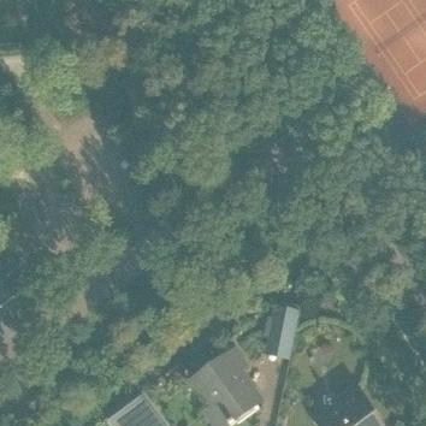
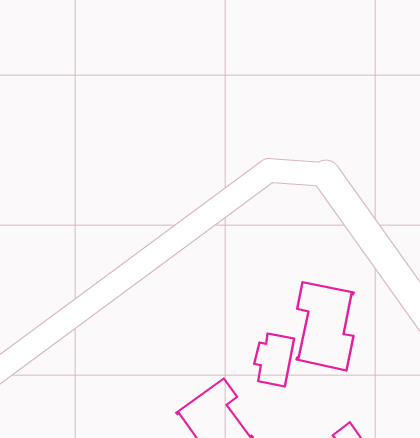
building: none -> [296,282,354,371]

